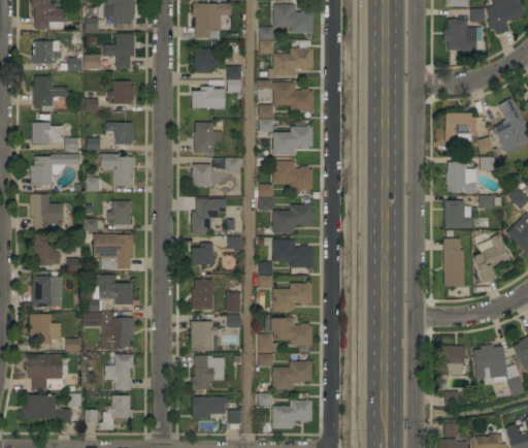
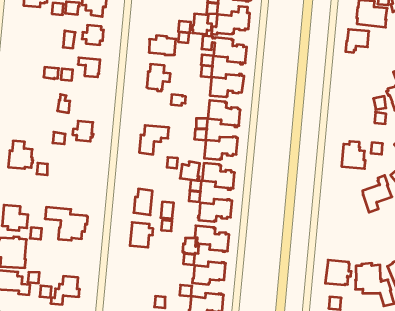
building: [194,49,218,72] -> [192,14,212,34]
building: [33,76,68,111] -> none
building: [444,114,471,141] -> [346,29,369,52]
building: [32,123,63,145] -> none
building: [101,154,134,186] -> none
building: [31,155,80,186] -> none
building: [446,162,476,193] -> none
building: [192,164,210,187] -> none
building: [30,194,63,228] -> none
building: [94,234,133,269] -> none
building: [443,238,464,286] -> none
building: [191,243,214,265] -> [180,162,200,181]
building: [87,275,133,312] -> none
building: [32,277,62,307] -> none
building: [105,354,133,390] -> none
building: [192,356,225,390] -> none
building: [192,396,225,418] -> none

